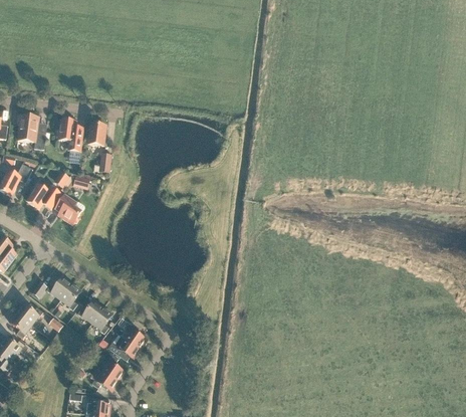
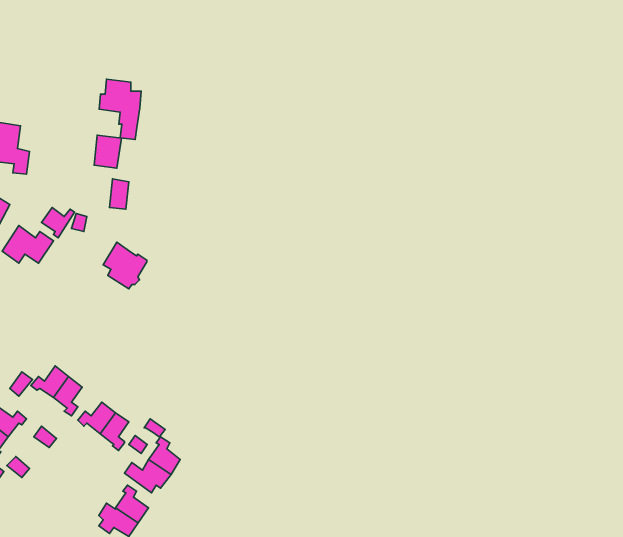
building: [54,118,82,158] -> [99,79,141,139]
building: [54,192,83,223] -> [103,242,147,289]

